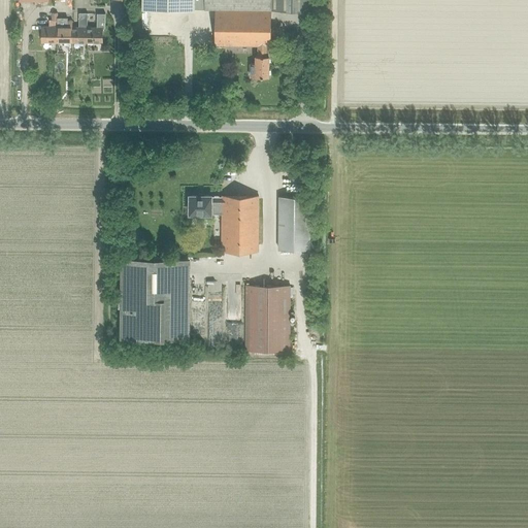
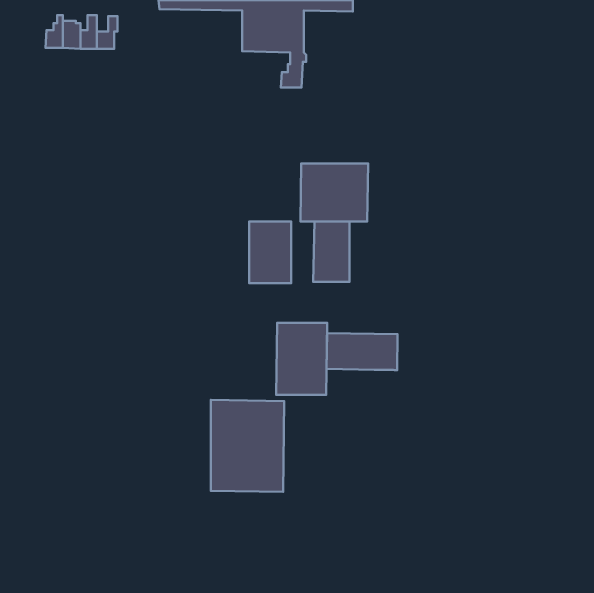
building: none -> [301,163,368,221]
building: [187,198,221,217] -> none
building: [122,259,187,340] -> [211,400,284,492]
building: none -> [327,333,398,370]

